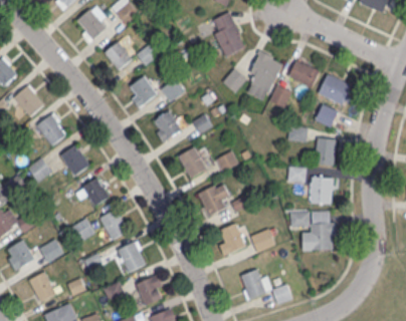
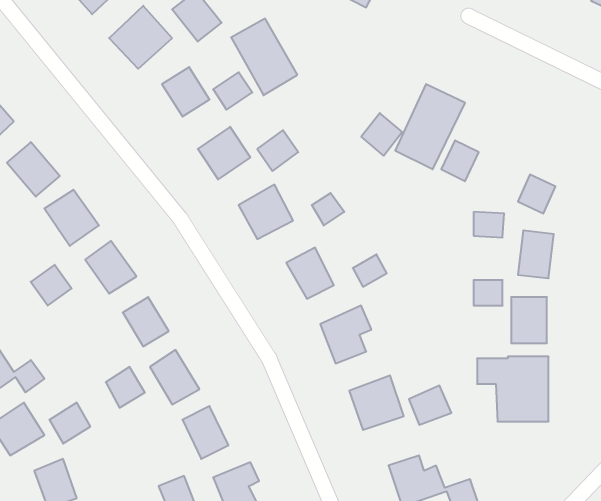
building: [208,12,247,57] -> [231,19,297,95]
building: [287,59,320,88] -> none
building: [318,74,351,105] -> none

